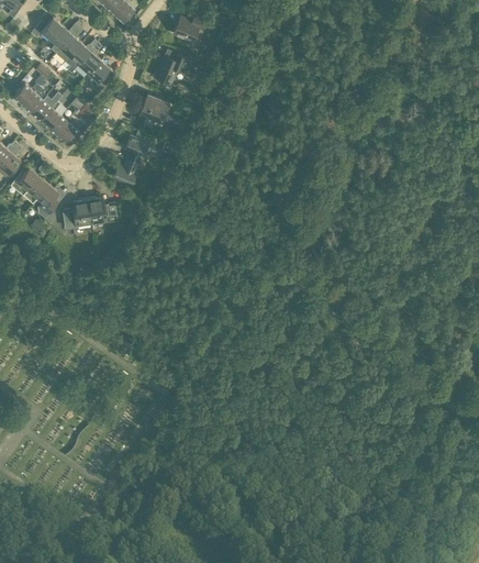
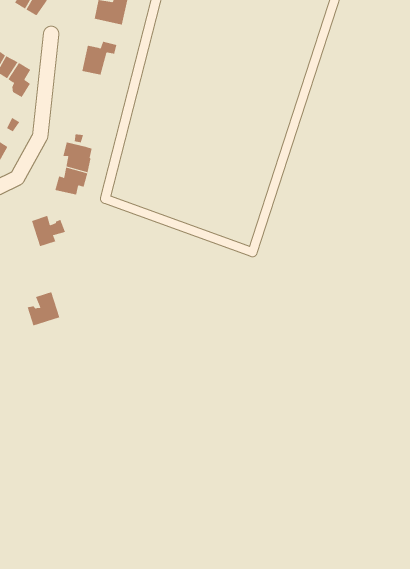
building: [140,92,168,125] -> none
building: [63,199,90,227] -> [27,291,60,326]

